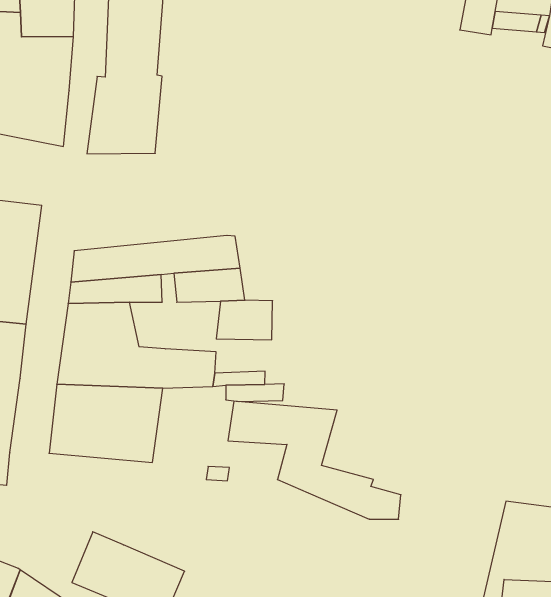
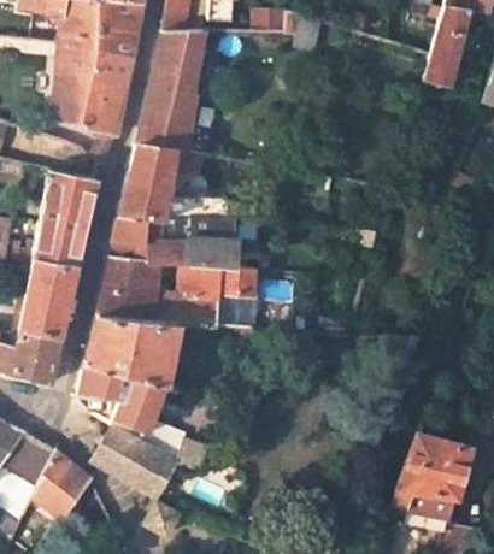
building: none -> [119,145,234,216]
building: none -> [180,260,224,301]
building: [228,401,401,519] -> [78,364,202,464]

